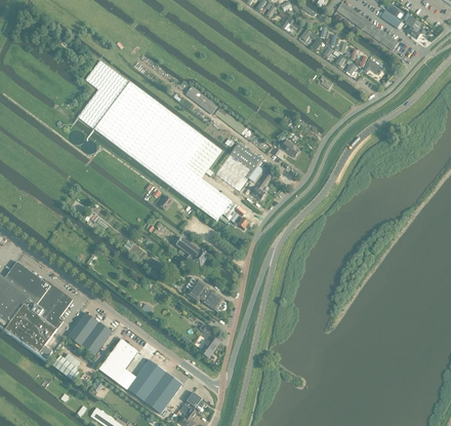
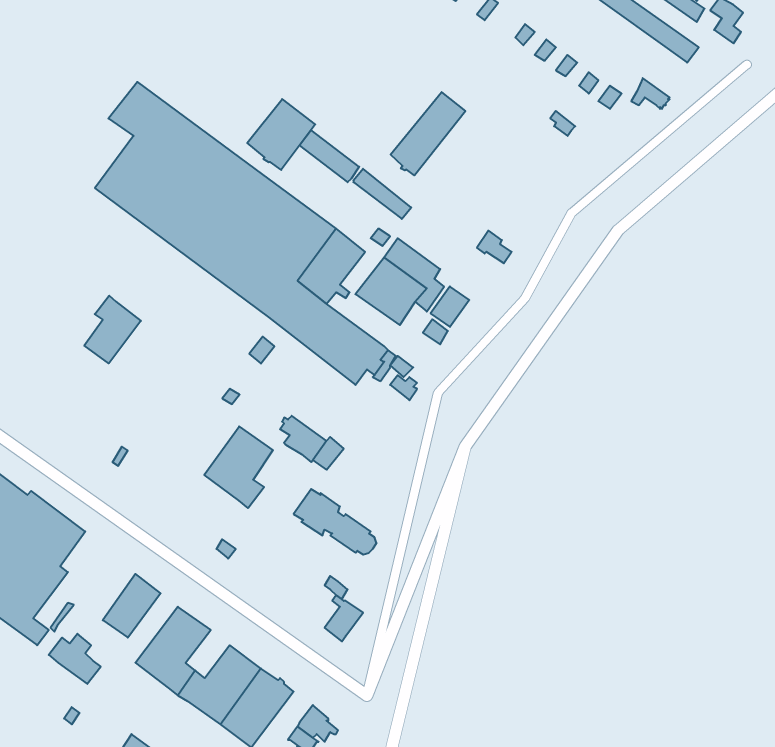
building: none -> [391,92,465,175]
building: none -> [247,99,315,170]
building: none -> [84,296,141,363]
building: none -> [204,426,273,508]
building: [68,312,98,346] -> none

